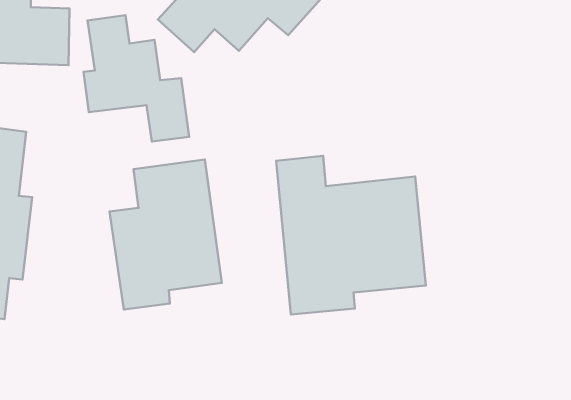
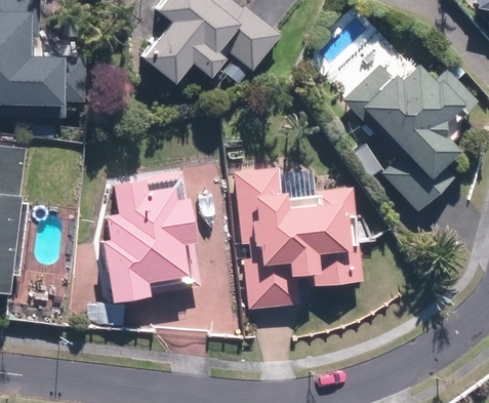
building: [83,15,189,141] -> none
building: none -> [345,67,475,203]

